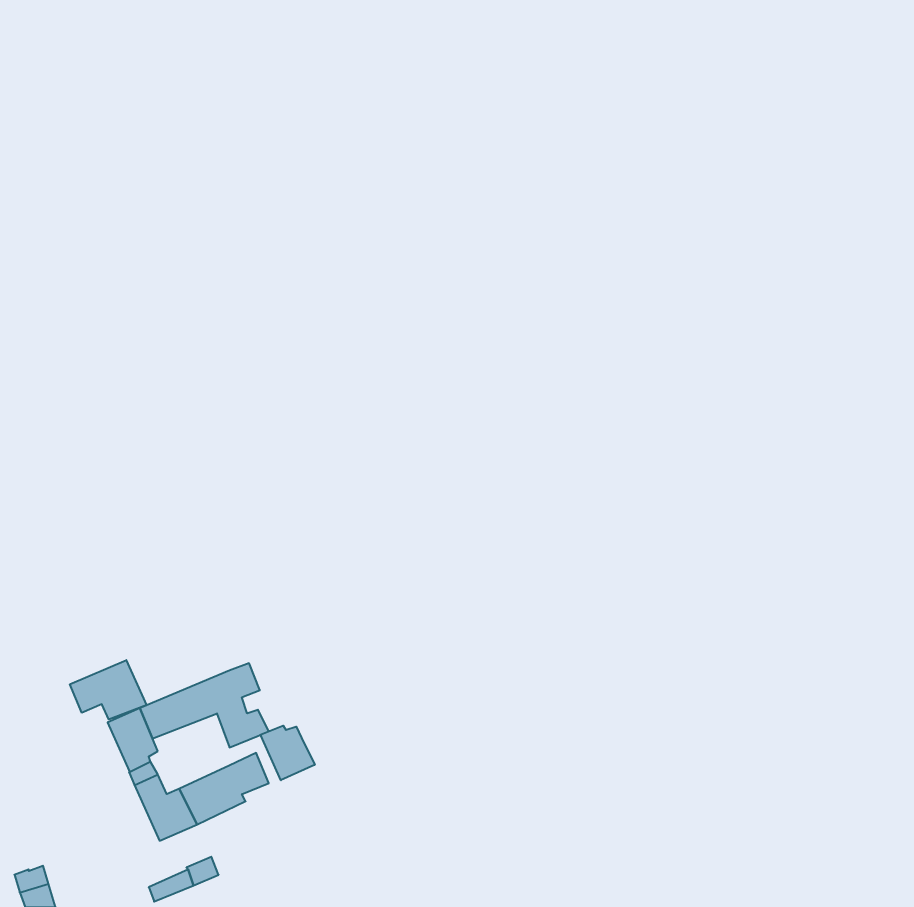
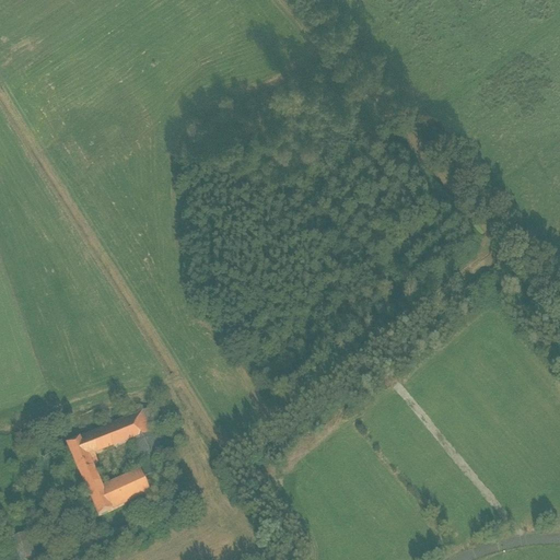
building: [70,660,147,719] -> none
building: [260,726,315,780] -> none

